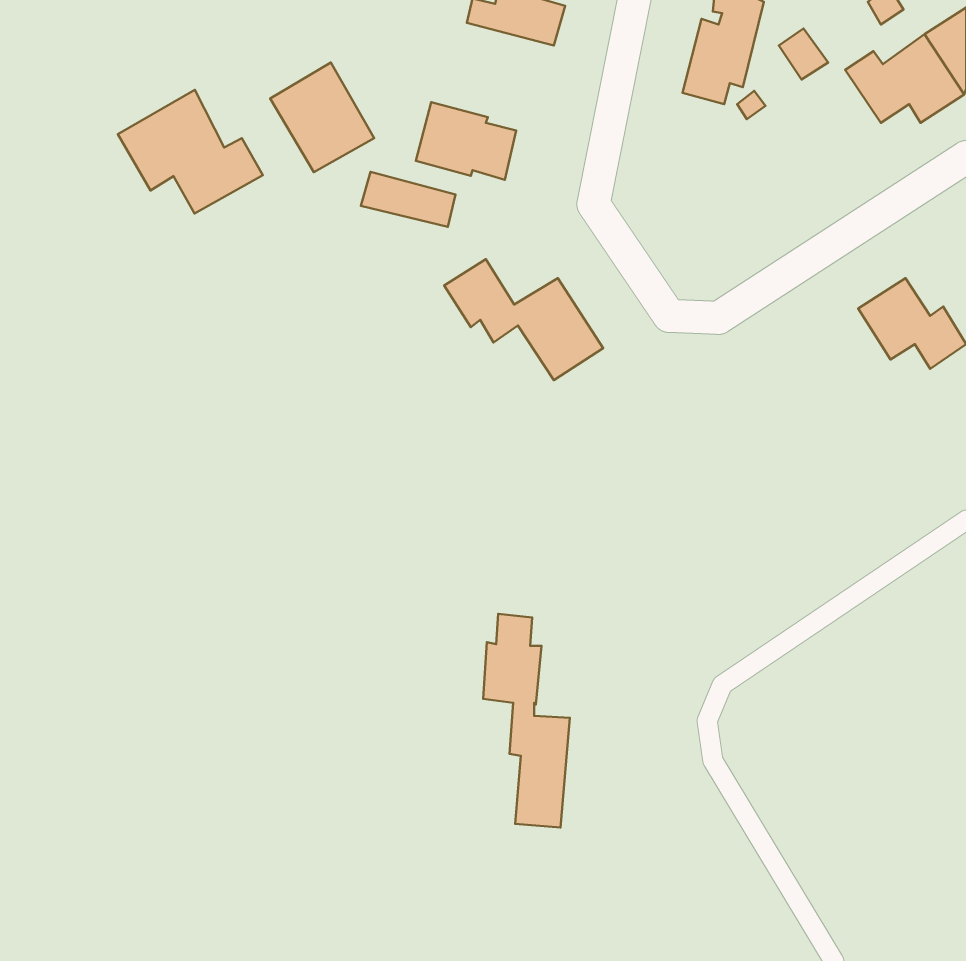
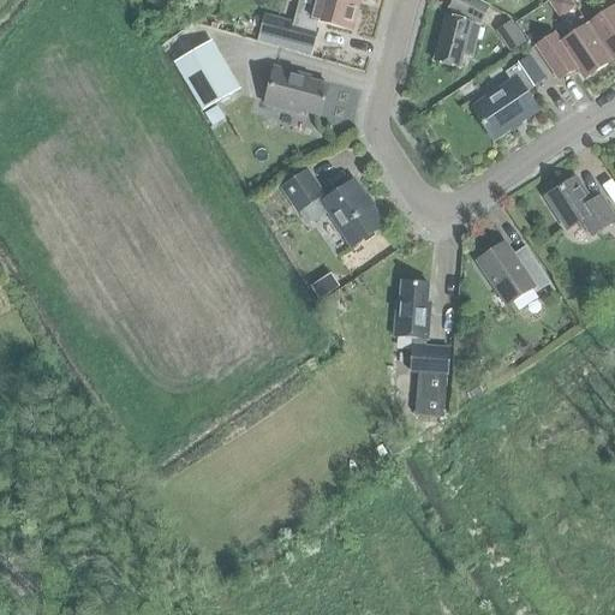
building: none -> [472,54,545,138]
building: [118,90,263,213] -> none
building: [361,172,455,227] -> [258,12,318,47]
building: none -> [480,246,550,305]
building: [483,614,570,828] -> [394,281,449,417]

